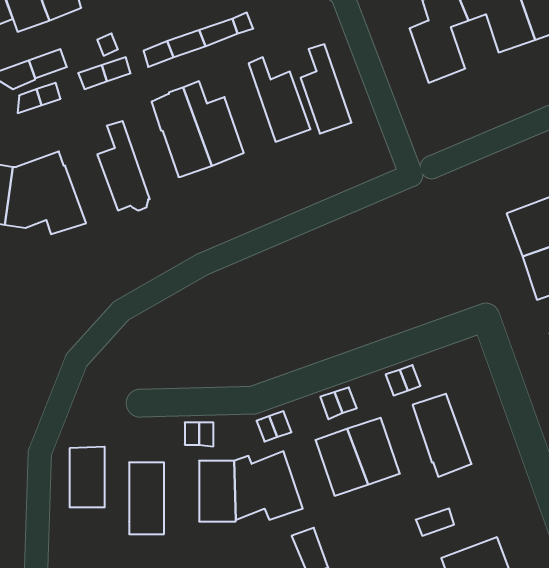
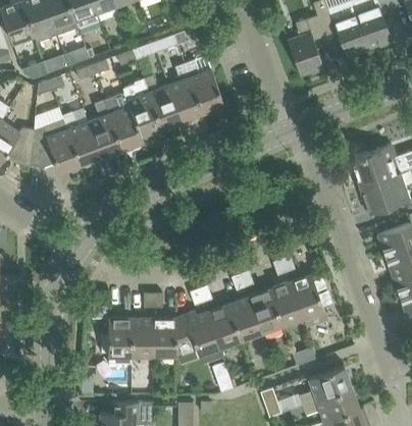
building: [301,44,352,134] -> [169,63,202,120]
building: none -> [104,96,143,152]
building: none -> [61,111,101,167]
building: none -> [269,281,302,325]
building: none -> [207,304,240,348]
building: [70,447,105,507] -> [131,317,153,356]

